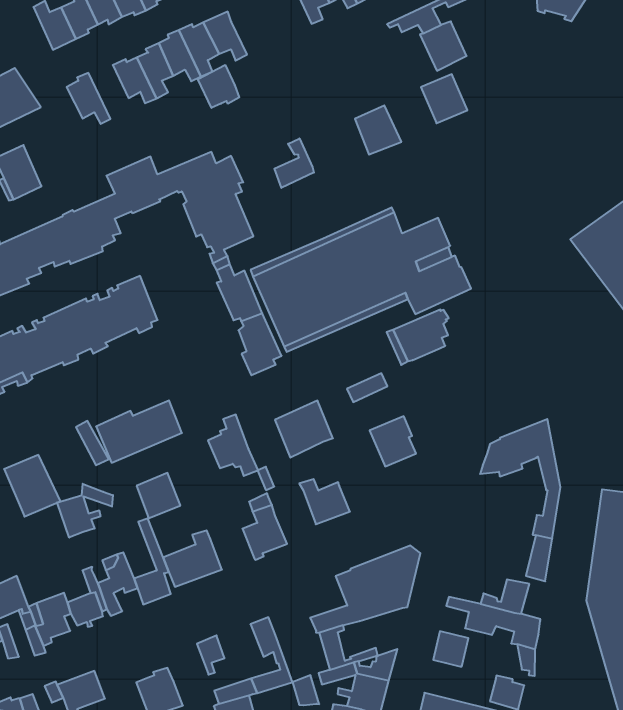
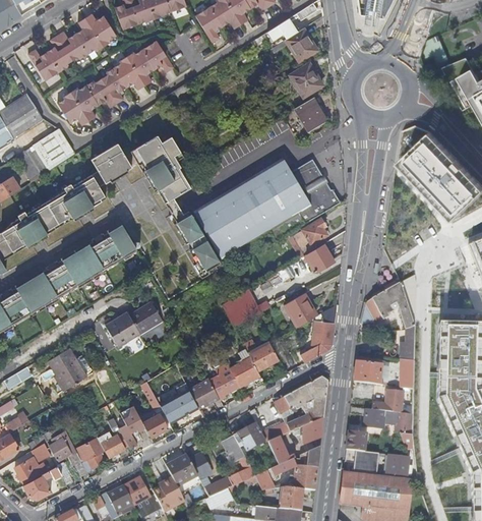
building: [198,65,239,108] -> none
building: none -> [70,85,99,121]
building: [355,105,401,155] -> [295,98,327,131]
building: none -> [33,128,75,171]
building: [274,138,314,188] -> none
building: none -> [307,244,335,272]
building: [208,415,258,476] -> [230,349,265,389]
building: none -> [301,304,337,362]
building: [137,473,180,518] -> [189,378,220,409]
building: [57,484,113,538] -> none
building: none -> [354,361,386,386]
building: none -> [234,423,266,451]
building: none -> [294,418,321,444]
building: none -> [166,455,197,485]
building: none -> [124,477,150,506]
building: none -> [353,451,383,473]

